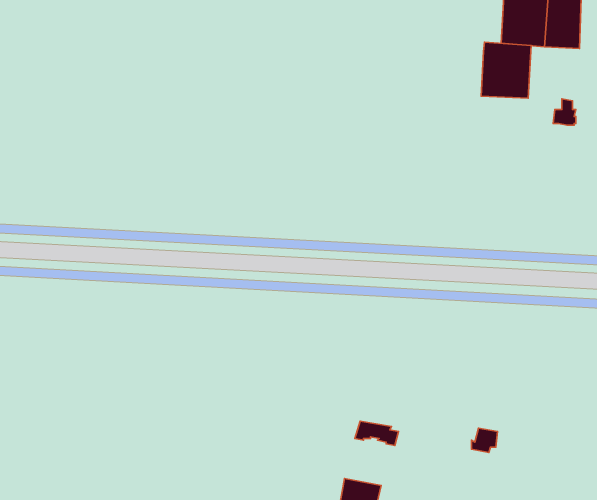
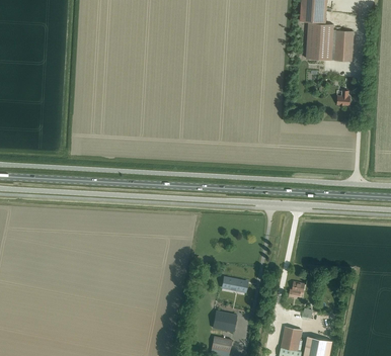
building: [481,42,531,98] -> none

